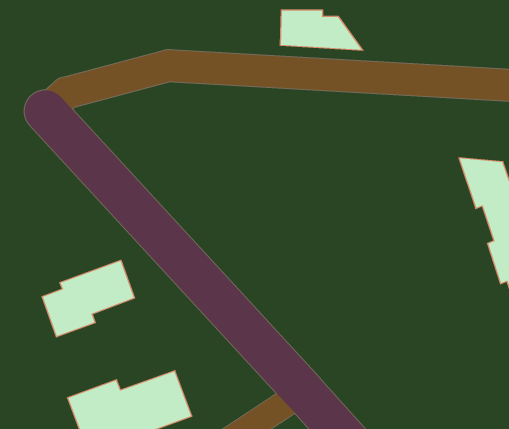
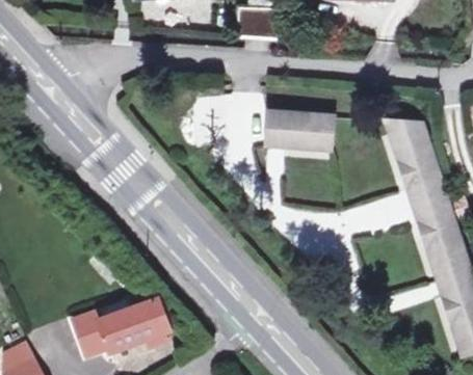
building: none -> [271,112,337,150]
building: [42,260,135,337] -> none

